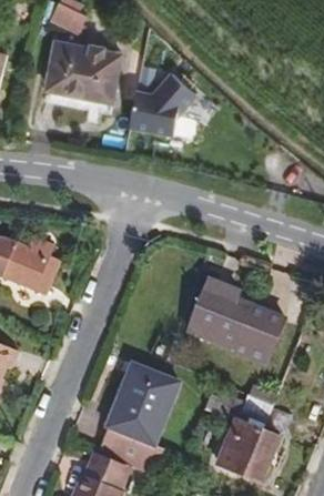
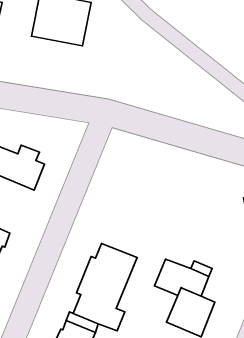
building: [129,71,195,133] -> none
building: [188,280,283,363] -> none

